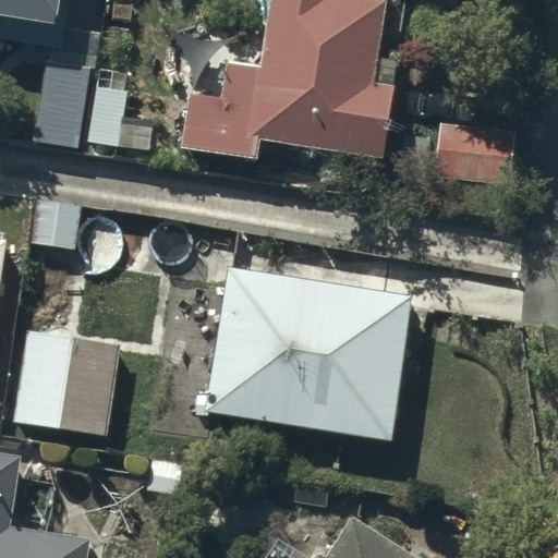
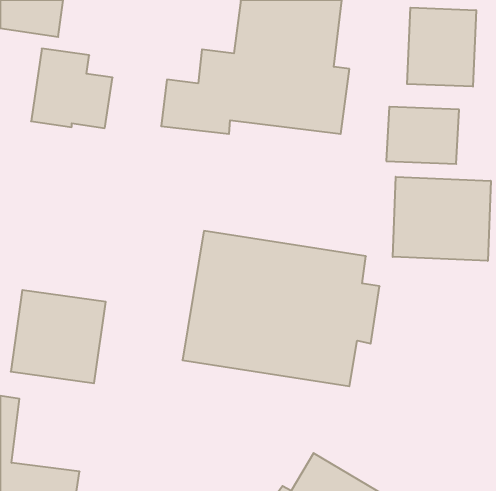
building: none -> [407,8,476,87]
building: none -> [393,177,491,261]

